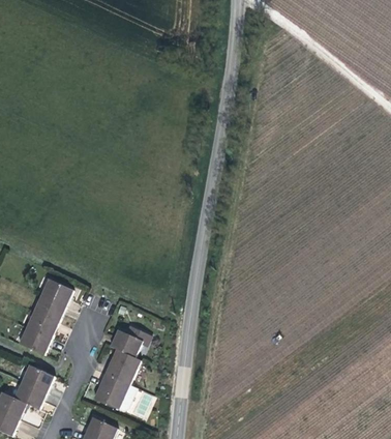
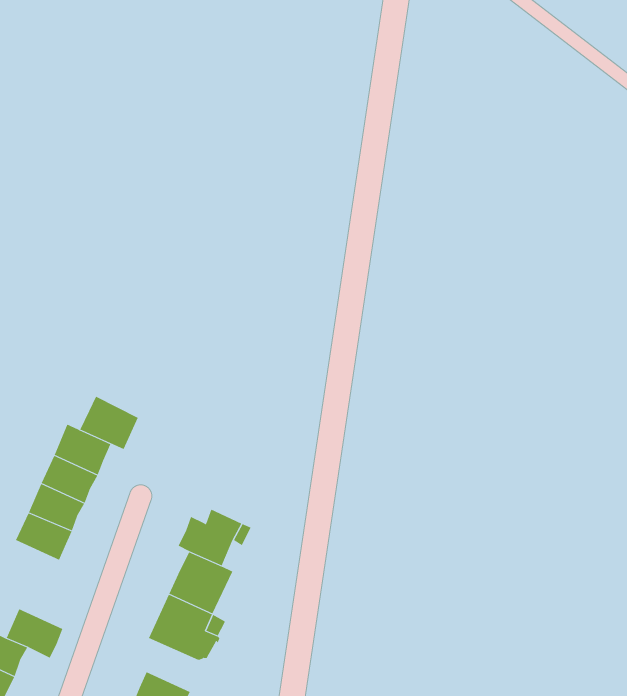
building: none -> [80,396,138,450]
building: [21,364,53,392] -> none

